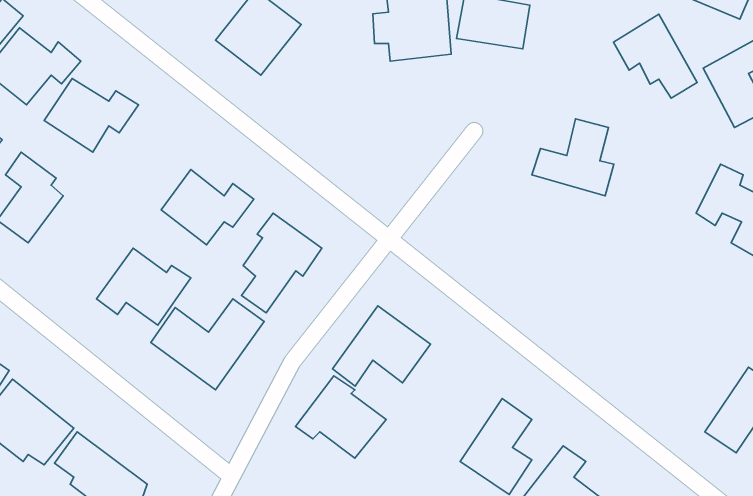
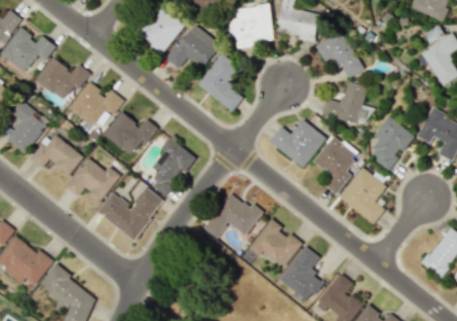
building: [613,14,697,98] -> [314,29,364,78]
building: none -> [166,24,220,69]
building: none -> [197,52,243,111]
building: none -> [67,81,123,127]
building: none -> [371,115,414,171]
building: none -> [269,119,326,167]
building: none -> [31,132,83,175]
building: none -> [313,136,357,193]
building: none -> [339,167,386,223]
building: [295,376,386,458] -> [247,218,301,266]

